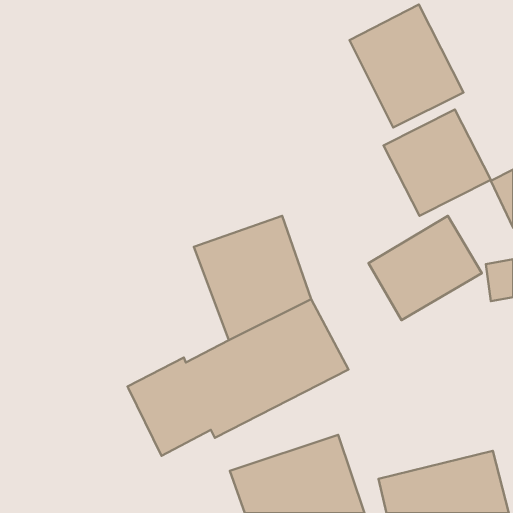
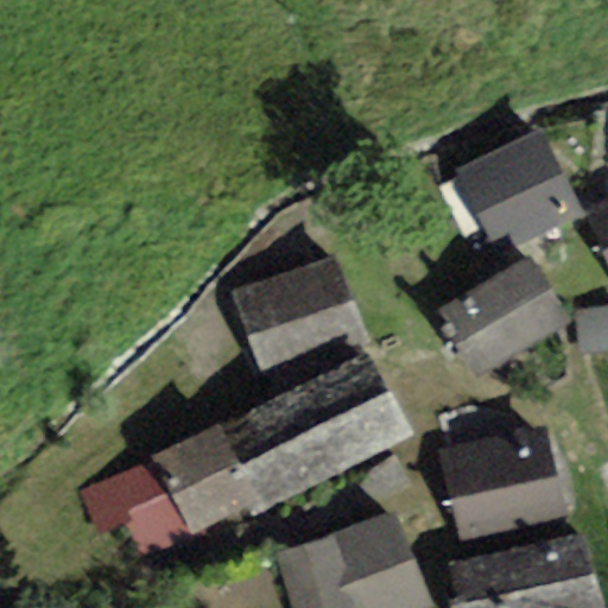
building: [349,4,463,128] -> none
building: none -> [437,430,568,543]
building: none -> [80,460,191,563]

